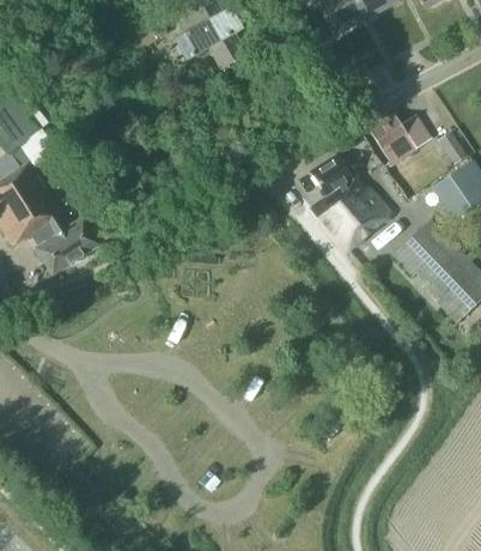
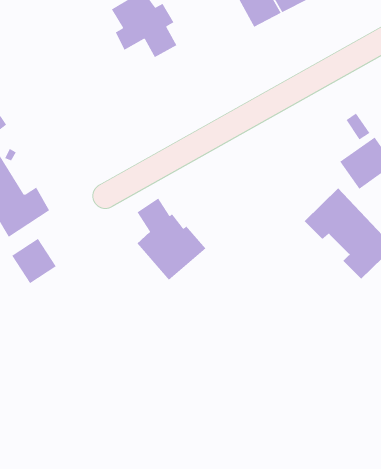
building: [370,114,431,164] -> none
building: [310,153,390,249] -> [137,197,206,281]
building: none -> [11,238,57,284]

